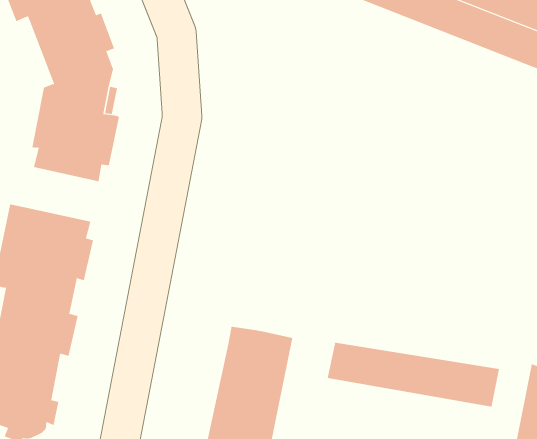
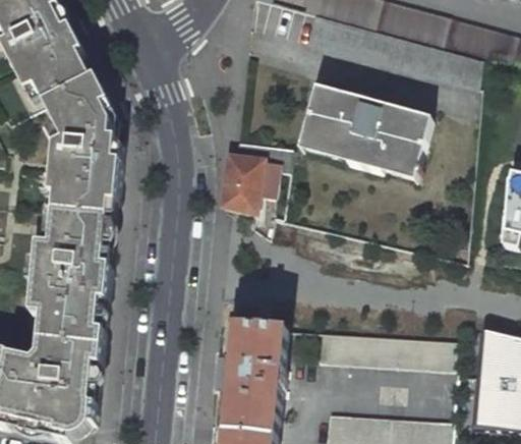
building: none -> [298,87,429,175]
building: none -> [218,140,289,213]
building: none -> [48,211,108,251]

